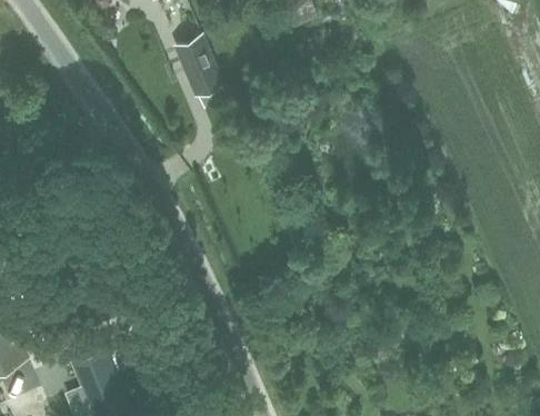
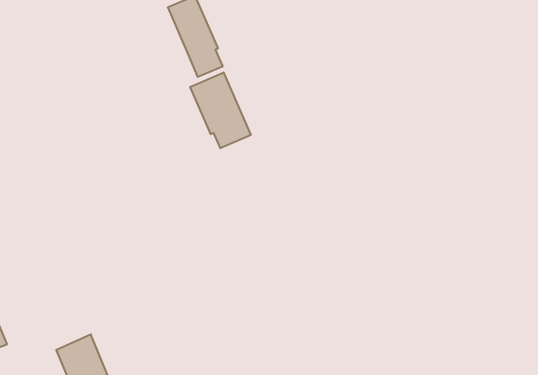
building: none -> [190,72,251,148]

